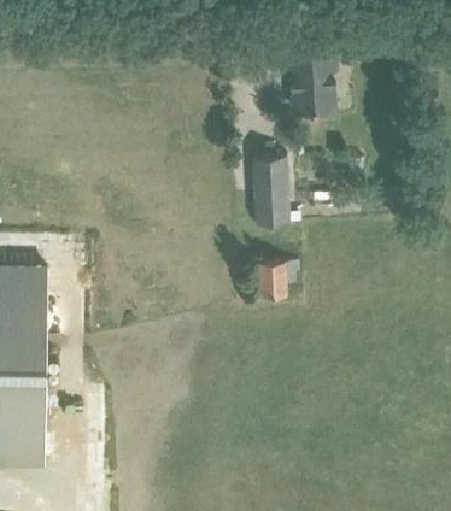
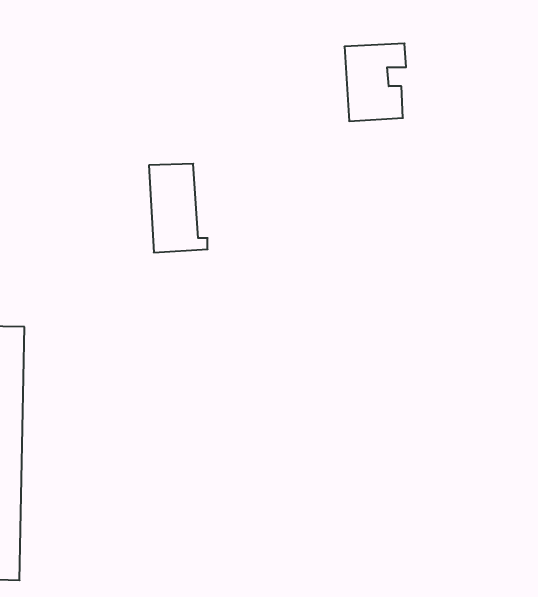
building: [252,160,297,228] -> [149,164,208,252]
building: [259,265,301,301] -> none

